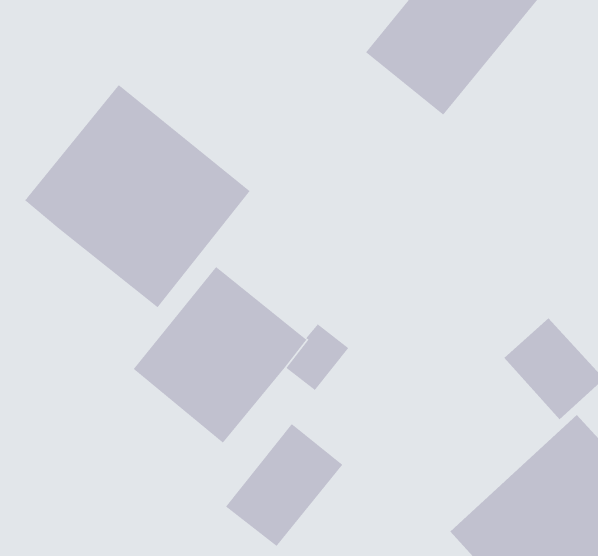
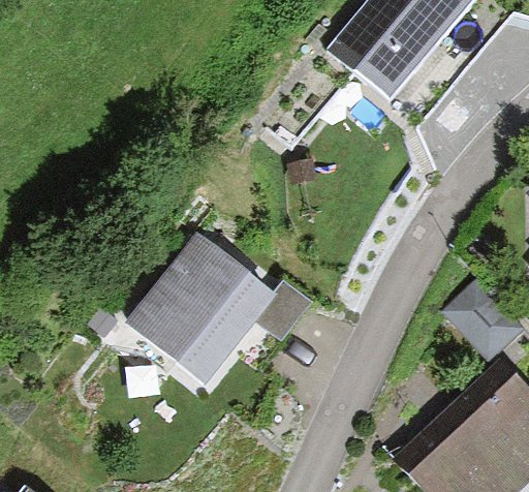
building: [24,84,251,308] -> none
building: [225,423,343,547] -> none

